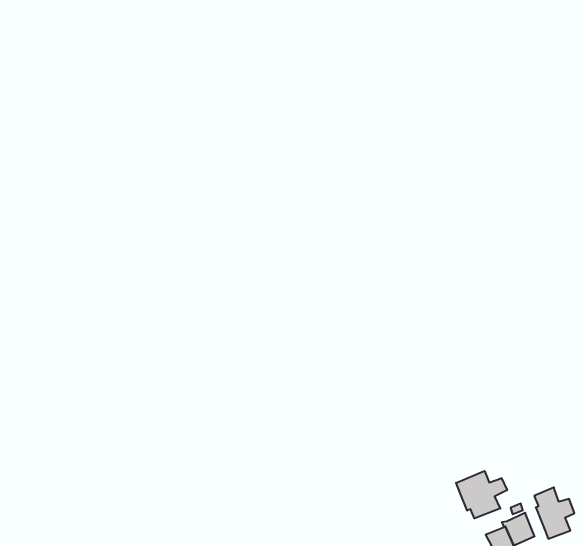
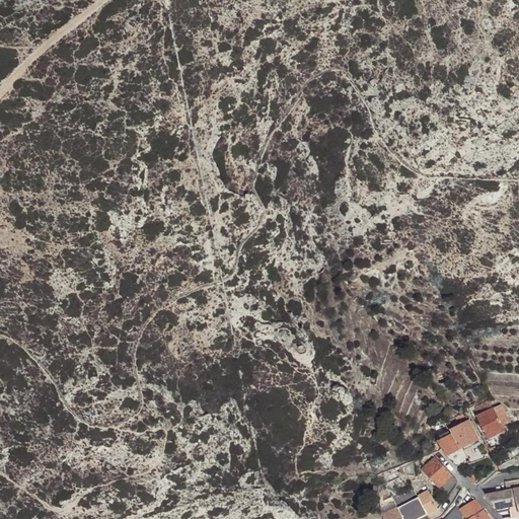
building: [456,471,507,518] -> none

